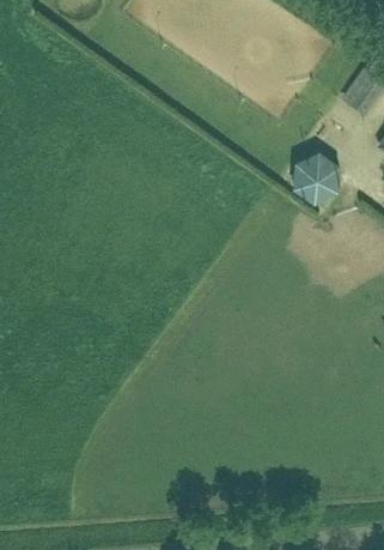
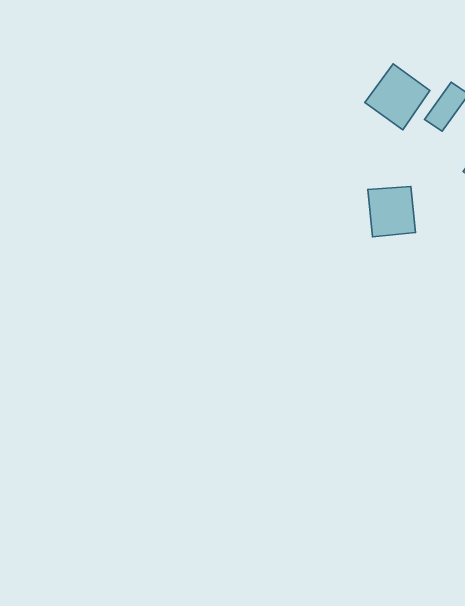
building: none -> [365,64,430,130]

